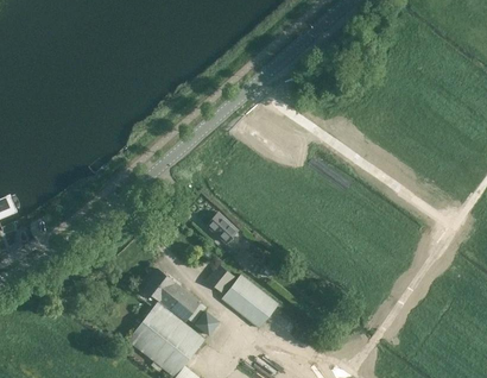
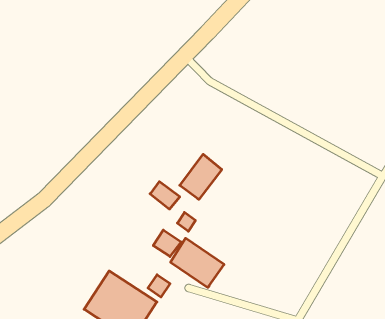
building: none -> [180,154,222,199]
building: [143,269,200,321] -> none

